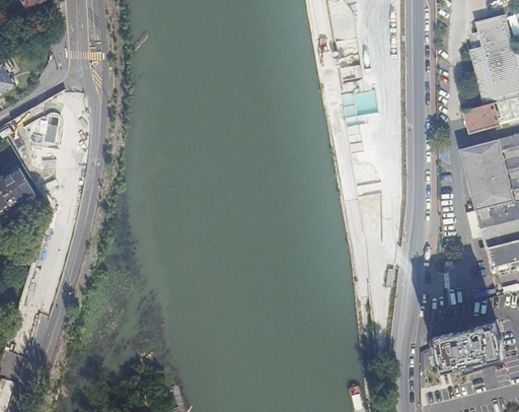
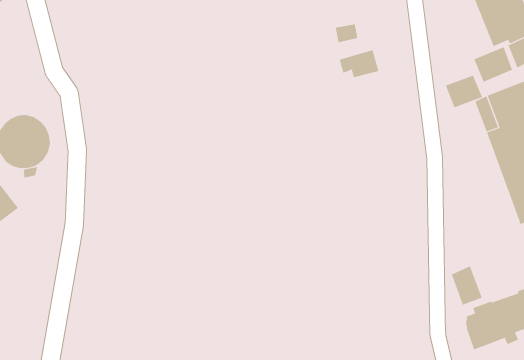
building: none -> [445,75,483,108]
building: none -> [451,266,482,306]

